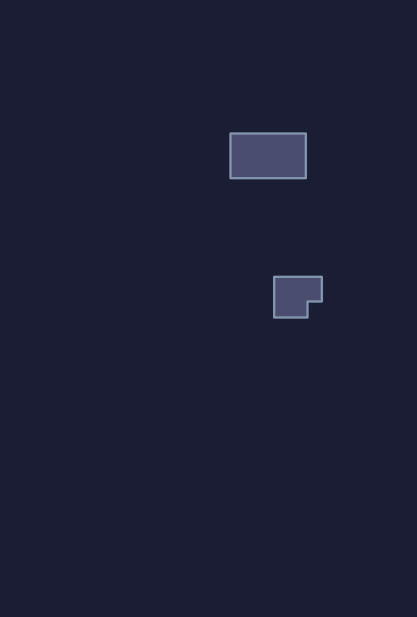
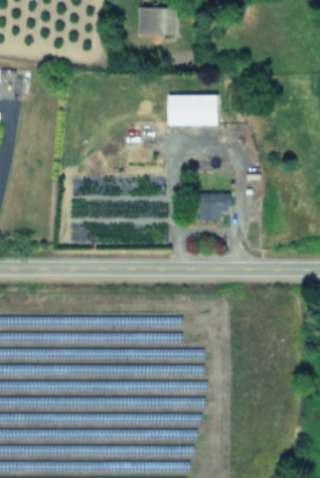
building: none -> [137,8,177,35]

